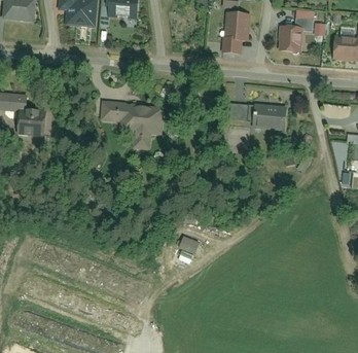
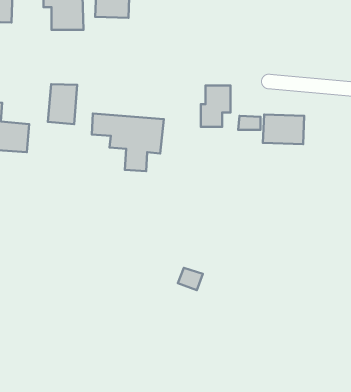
building: [223,14,249,50] -> [201,85,230,127]
building: [279,15,313,51] -> none
building: none -> [48,84,77,124]

